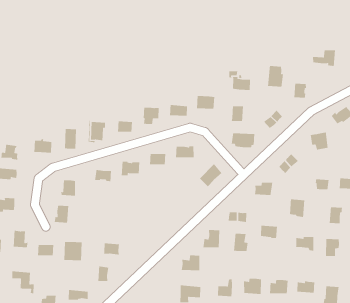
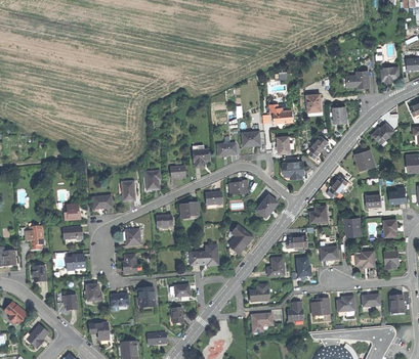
building: none -> [226,224,252,254]
building: none -> [190,244,218,265]

